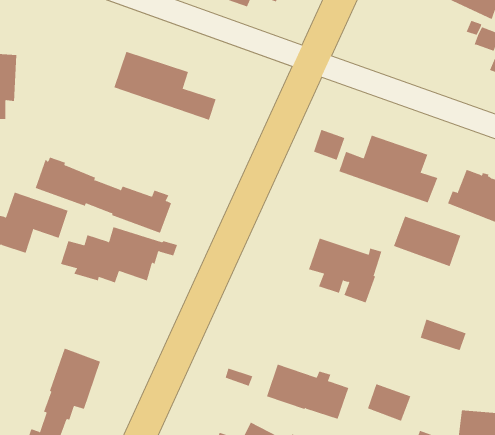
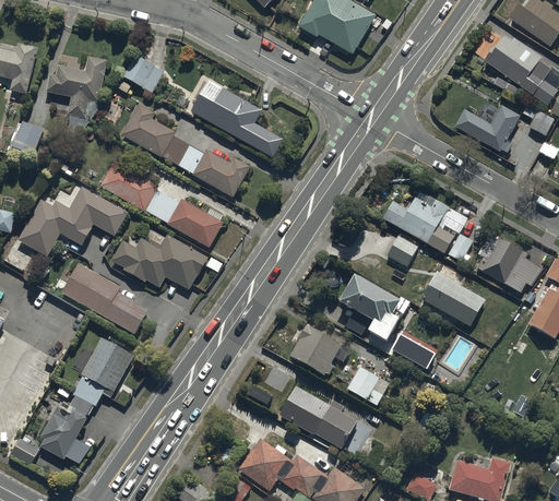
building: none -> [454,105,520,152]
building: none -> [122,53,164,93]
building: none -> [121,104,250,198]
building: [313,129,345,161] -> [385,234,417,265]
building: none -> [60,262,151,336]
building: none -> [288,324,349,375]
building: [420,319,466,351] -> [392,336,436,371]
building: [367,383,411,422] -> [346,366,389,405]

